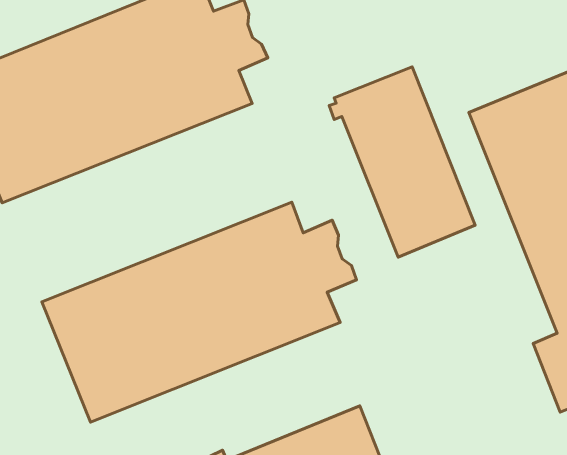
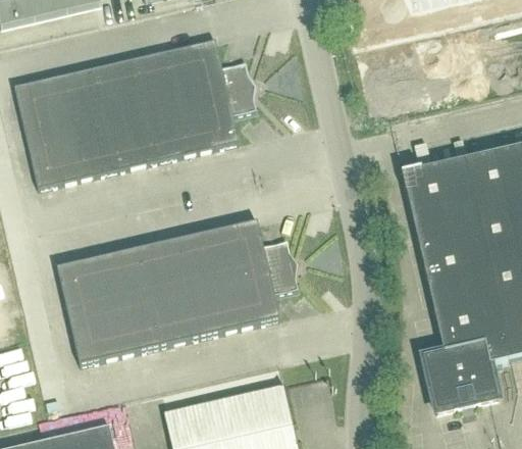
building: [329,67,475,257] -> none

